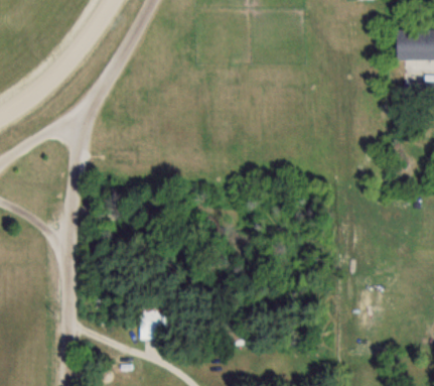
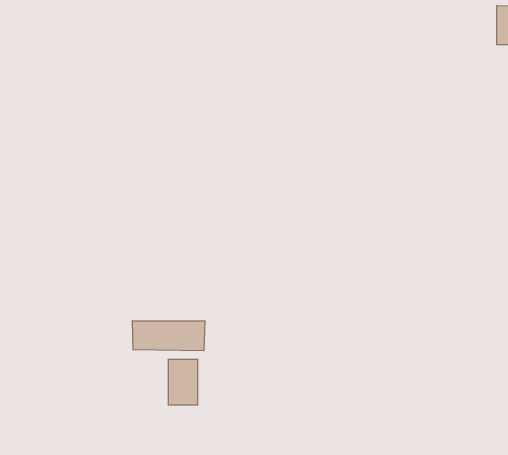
building: none -> [132,321,205,351]

